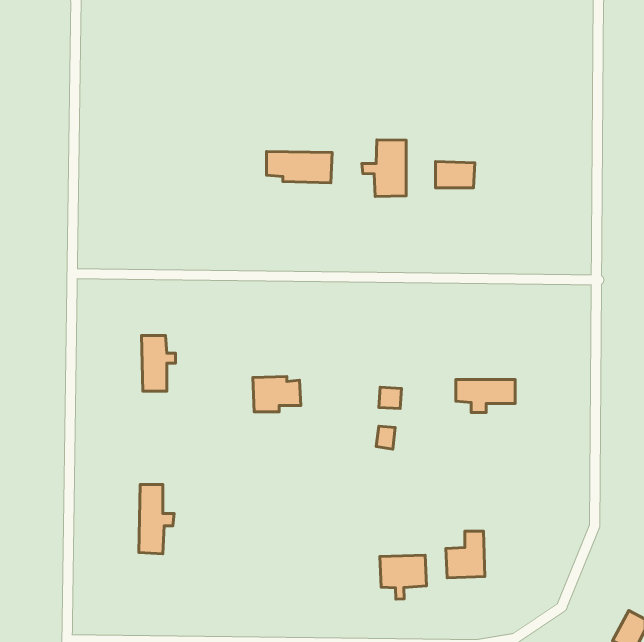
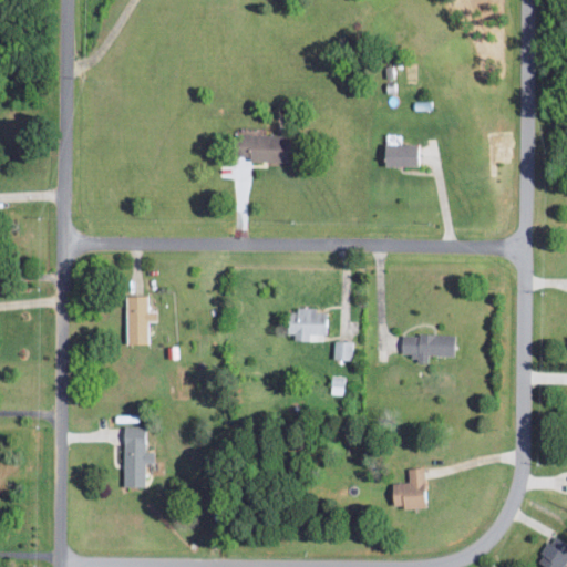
building: [362,140,406,196] -> none
building: [253,376,301,412] -> [286,309,328,340]
building: [380,555,426,599] -> none

